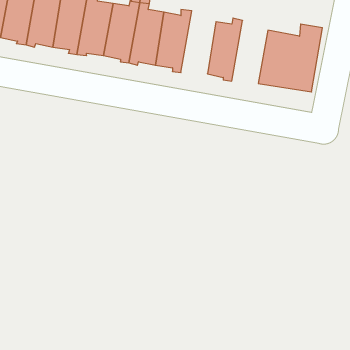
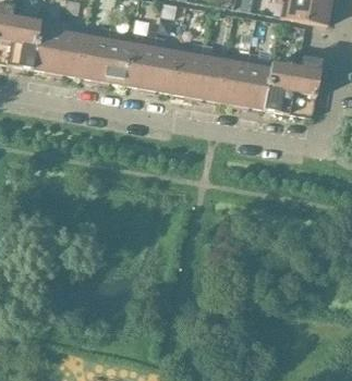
building: none -> [194,44,226,100]
building: none -> [240,52,272,109]

